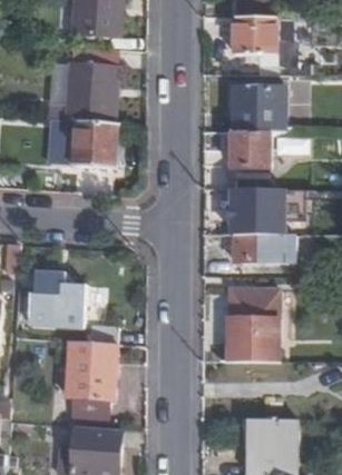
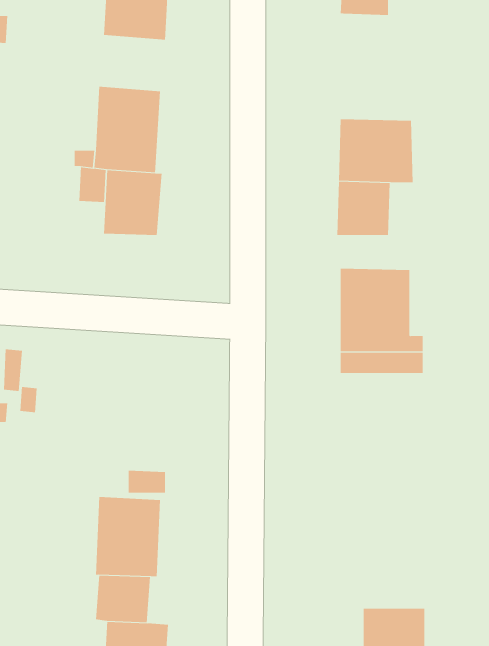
building: [236,16,277,53] -> none
building: [35,285,82,324] -> none
building: [228,298,277,362] -> none

